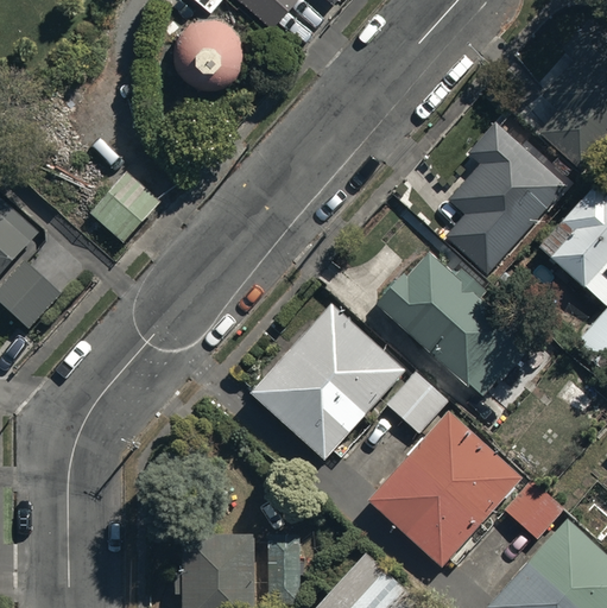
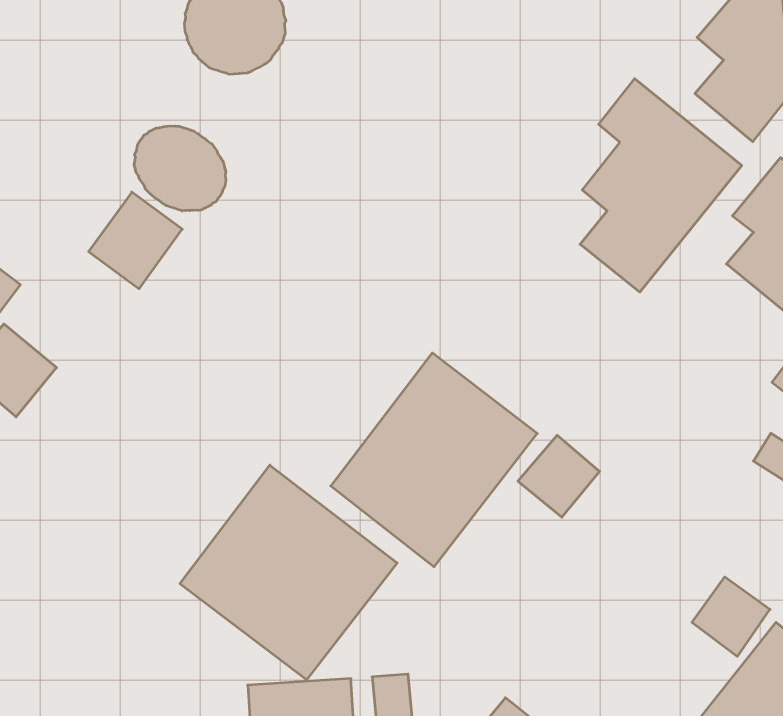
building: none -> [134,126,226,211]
building: [374,258,531,399] -> none
building: none -> [180,465,397,680]
building: [369,417,521,570] -> none

